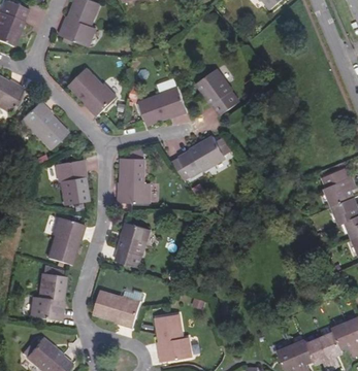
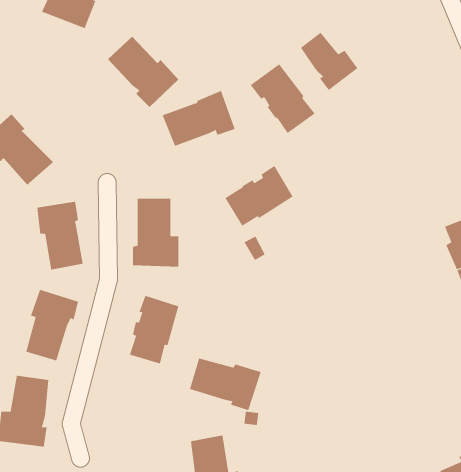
building: none -> [300,32,358,91]
building: [68,68,116,115] -> [107,36,179,108]
building: [93,292,140,327] -> [189,358,261,411]

